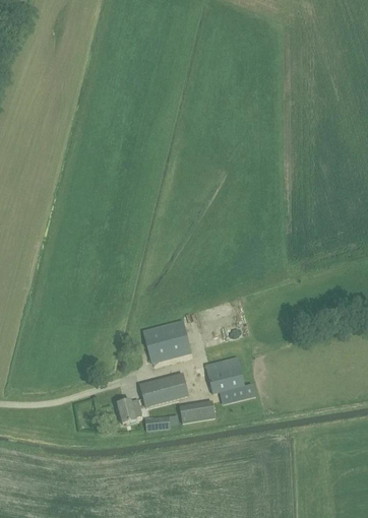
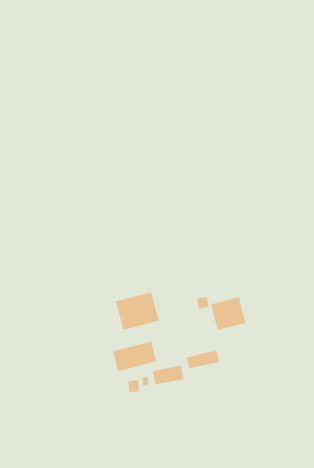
building: [204,357,243,393] -> [210,297,246,331]
building: [116,399,141,423] -> none

